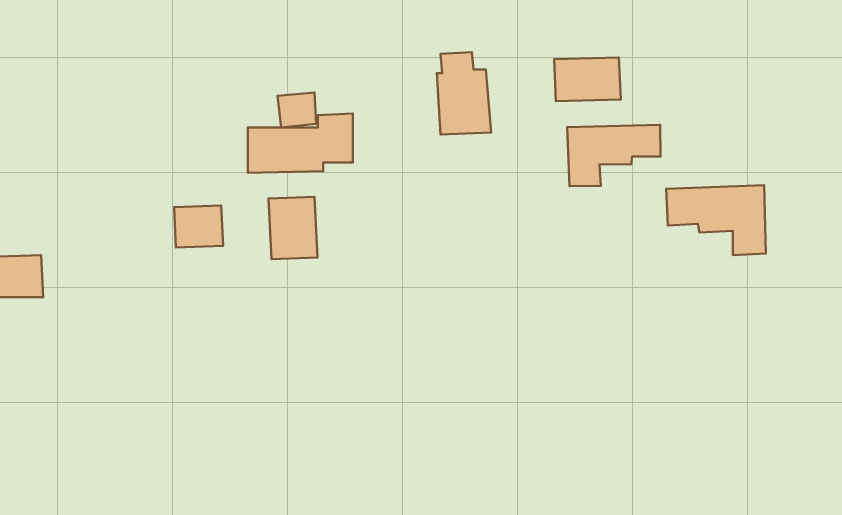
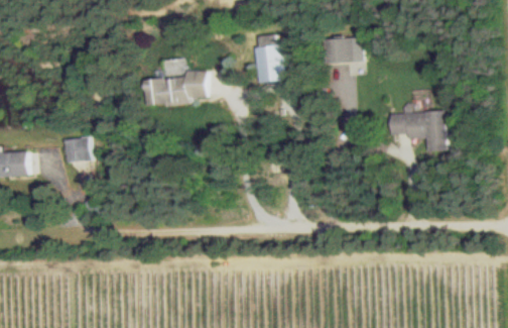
building: [567,125,661,186] -> none
building: [268,197,318,259] -> none
building: [174,206,223,248] -> [64,137,92,161]

